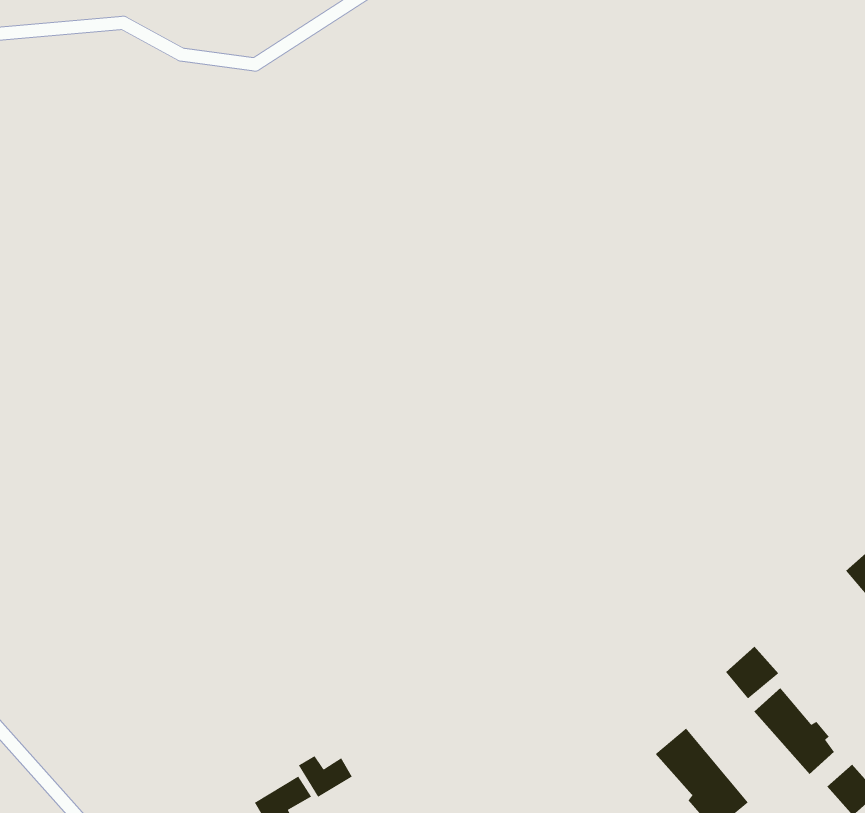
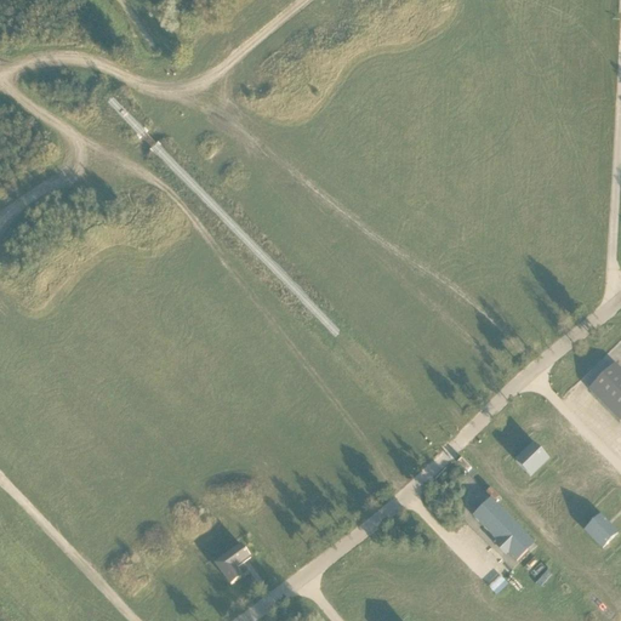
building: [753,687,835,775] -> none
building: [298,755,353,798] -> none

